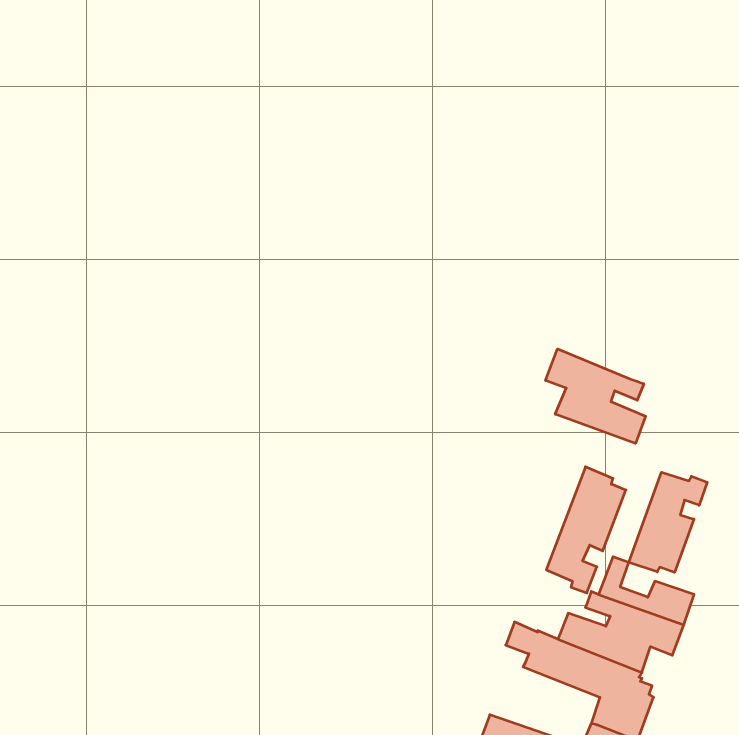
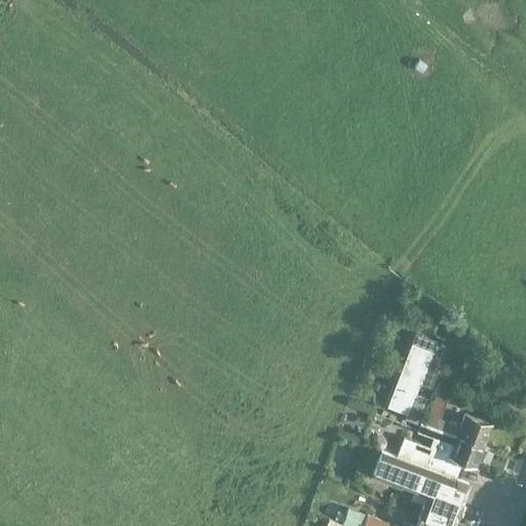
building: [546,349,646,443] -> none
building: [629,472,707,572] -> none

